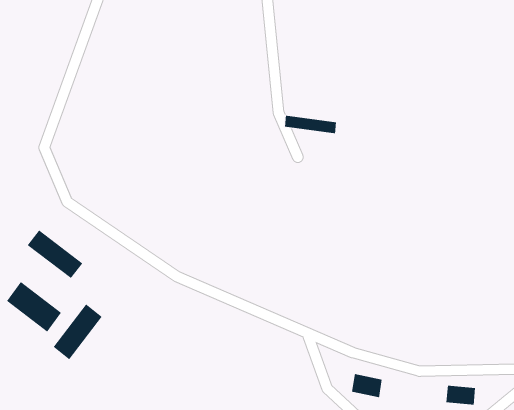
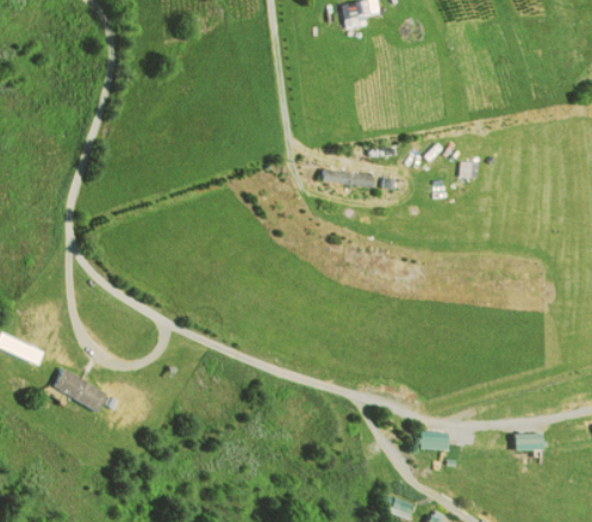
building: [27,230,83,279] -> none
building: [53,304,102,360] -> none

